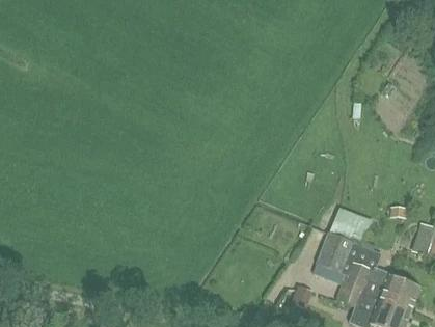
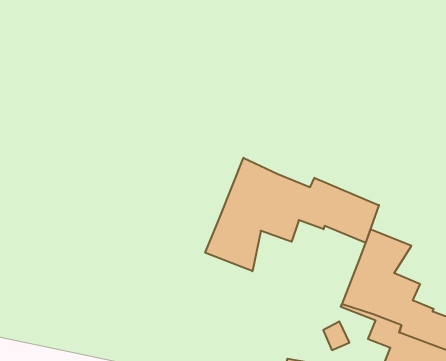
building: none -> [205,158,379,271]

